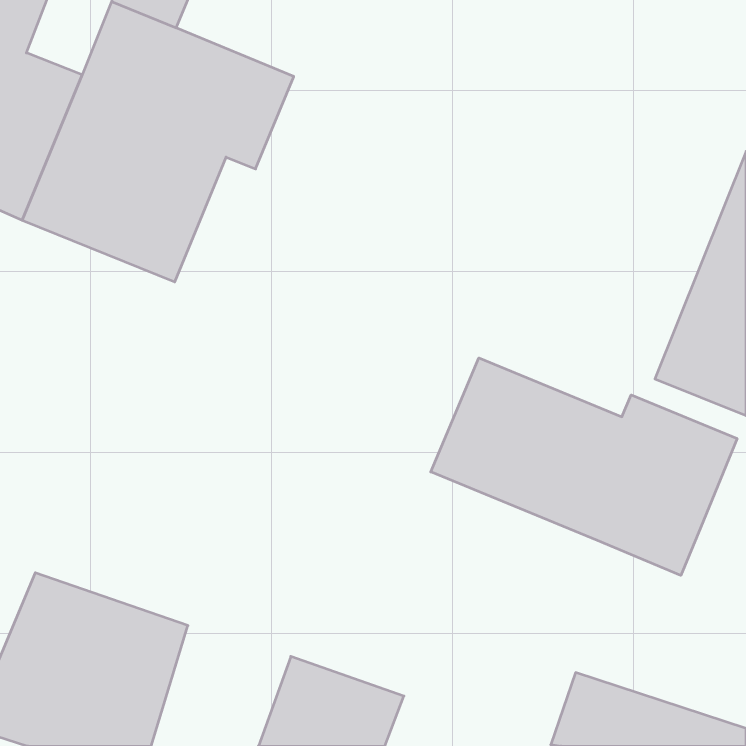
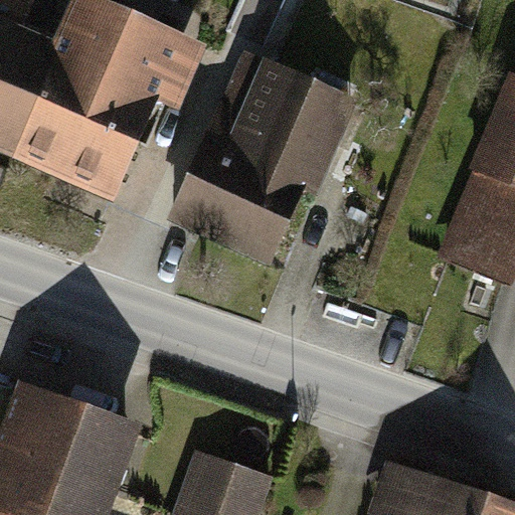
building: none -> [178,58,354,267]
building: [431,358,737,575] -> none

